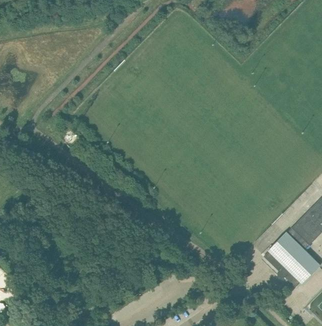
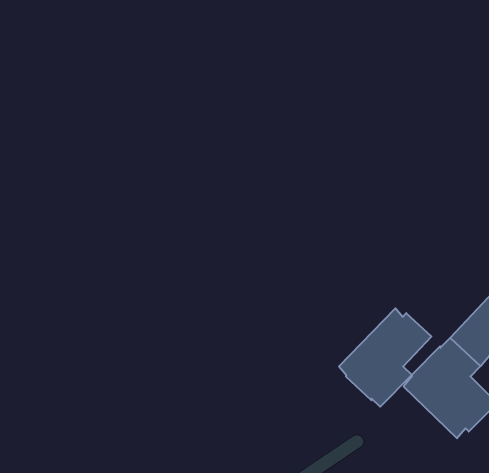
building: none -> [339,308,431,407]

